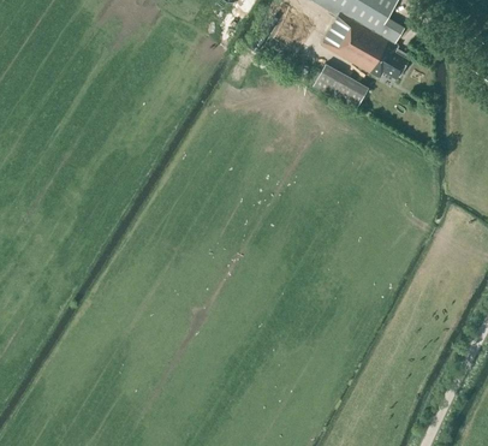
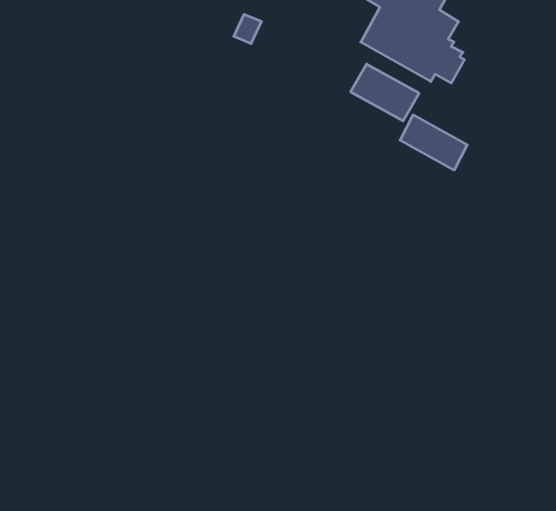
building: none -> [400,115,467,170]

